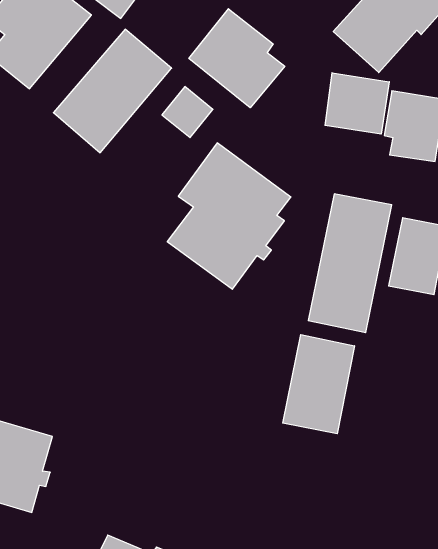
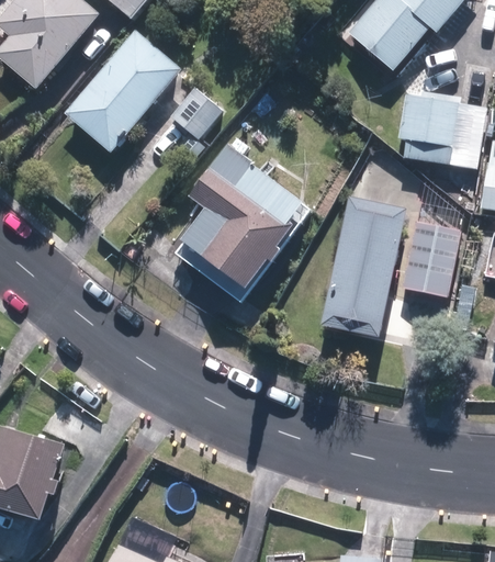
building: [189,9,285,108] -> none
building: [325,73,389,134] -> none
building: [283,335,354,434] -> none

